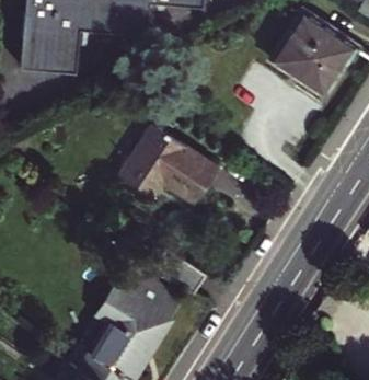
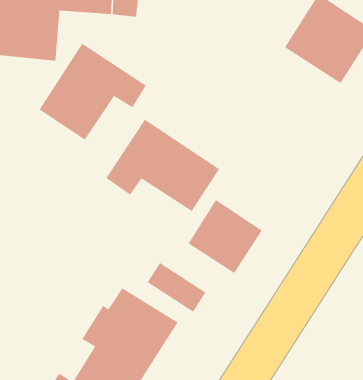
building: none -> [39,43,147,140]
building: none -> [188,199,263,274]

